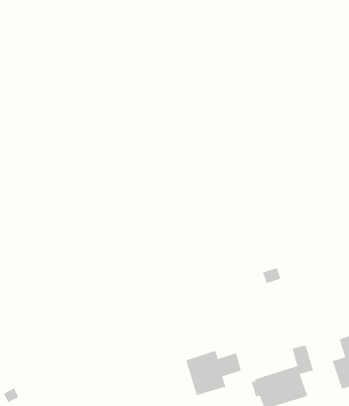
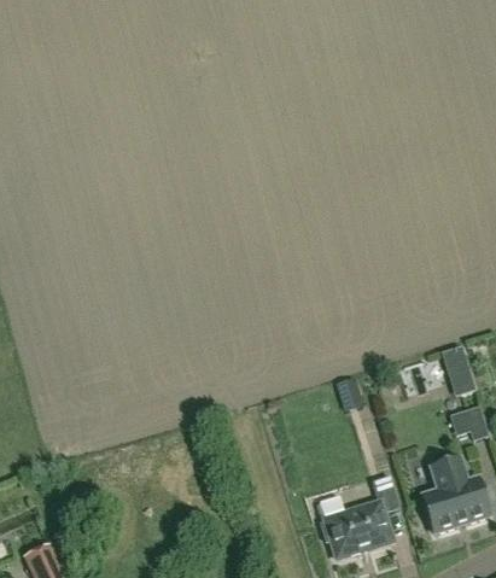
building: [186,350,242,396] -> none

